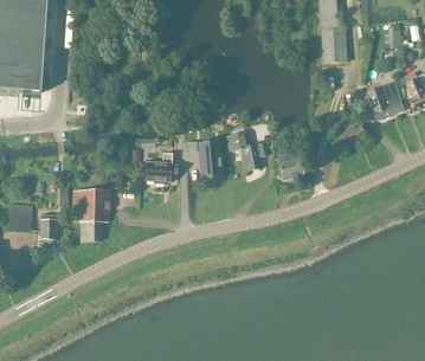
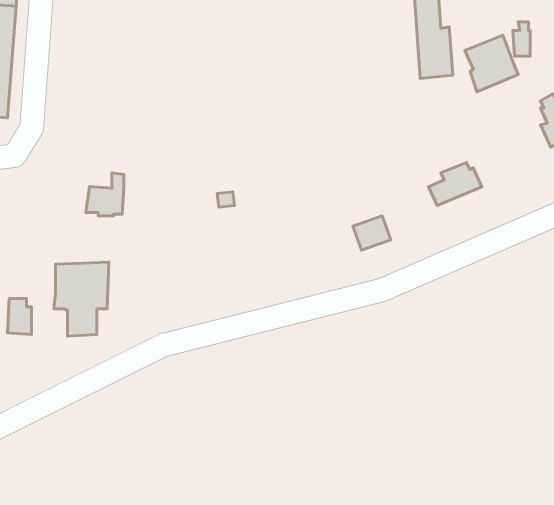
building: [368,80,405,120] -> [465,35,518,92]
building: [226,130,265,170] -> none
building: [201,146,221,178] -> none
building: [146,152,172,181] -> [86,173,124,216]

